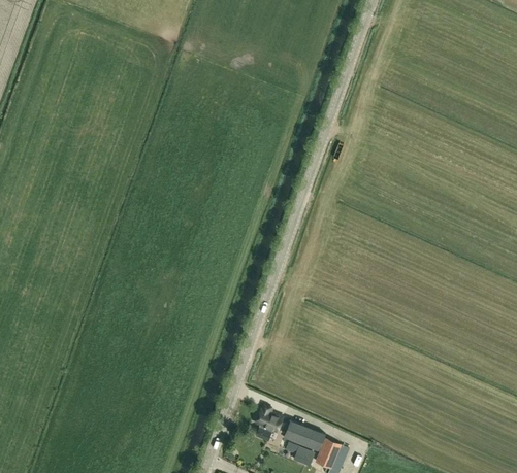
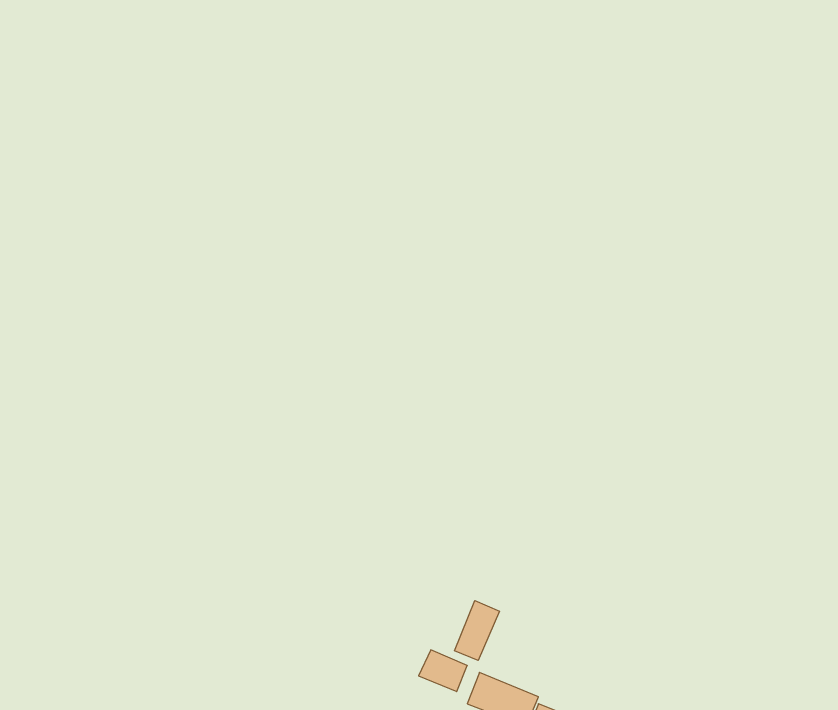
building: none -> [454,601,500,660]

